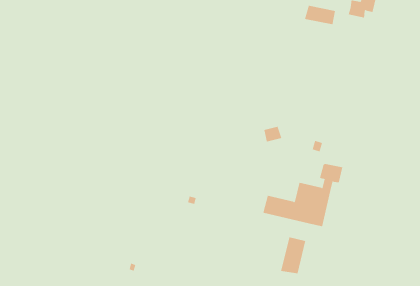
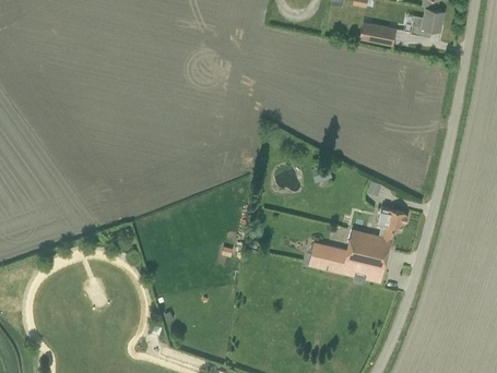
building: [281,236,306,274] -> none

